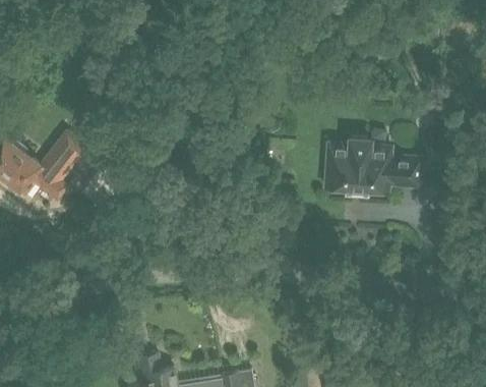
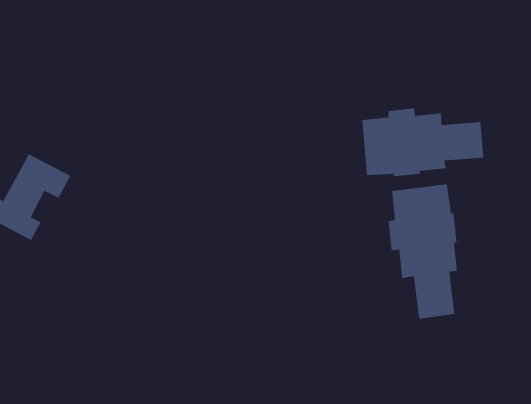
building: none -> [388,184,458,319]

